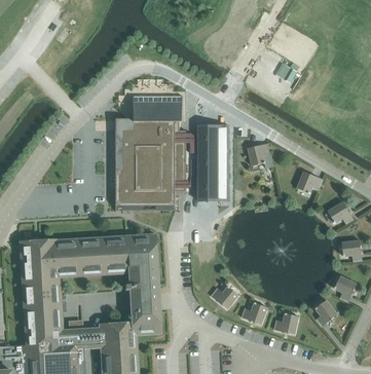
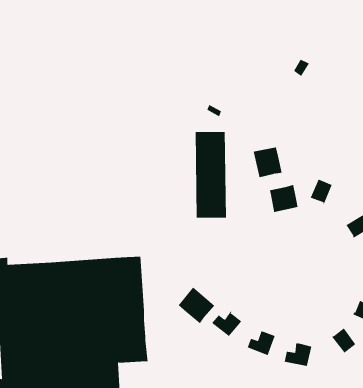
building: [113,93,185,210] -> none
building: none -> [269,184,298,213]
building: none -> [178,287,215,324]

